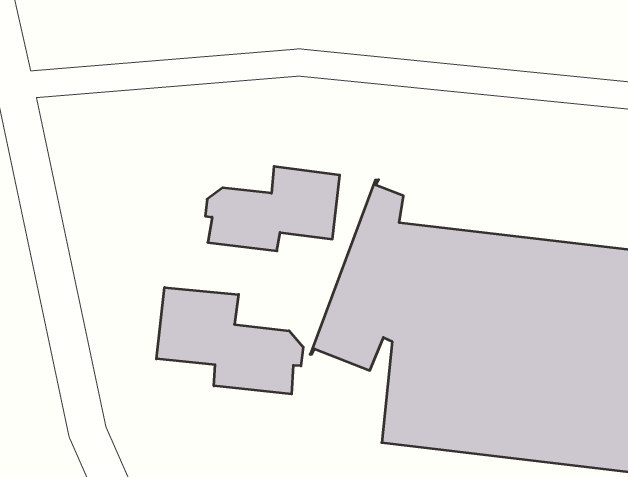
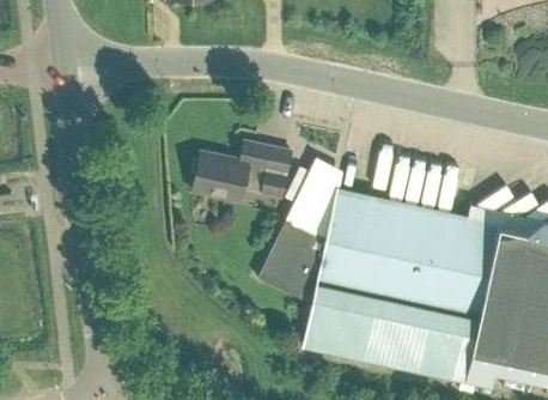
building: [156,287,303,394] -> none

